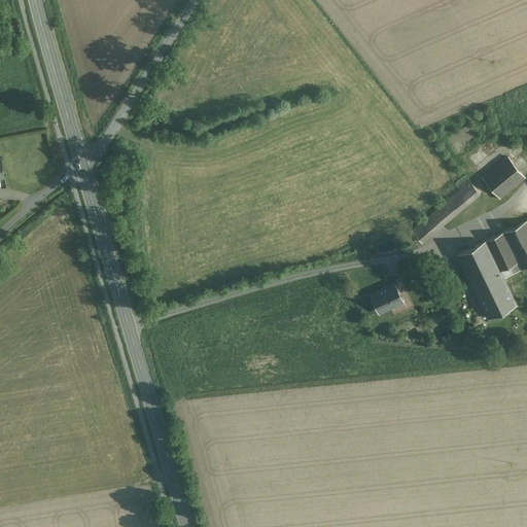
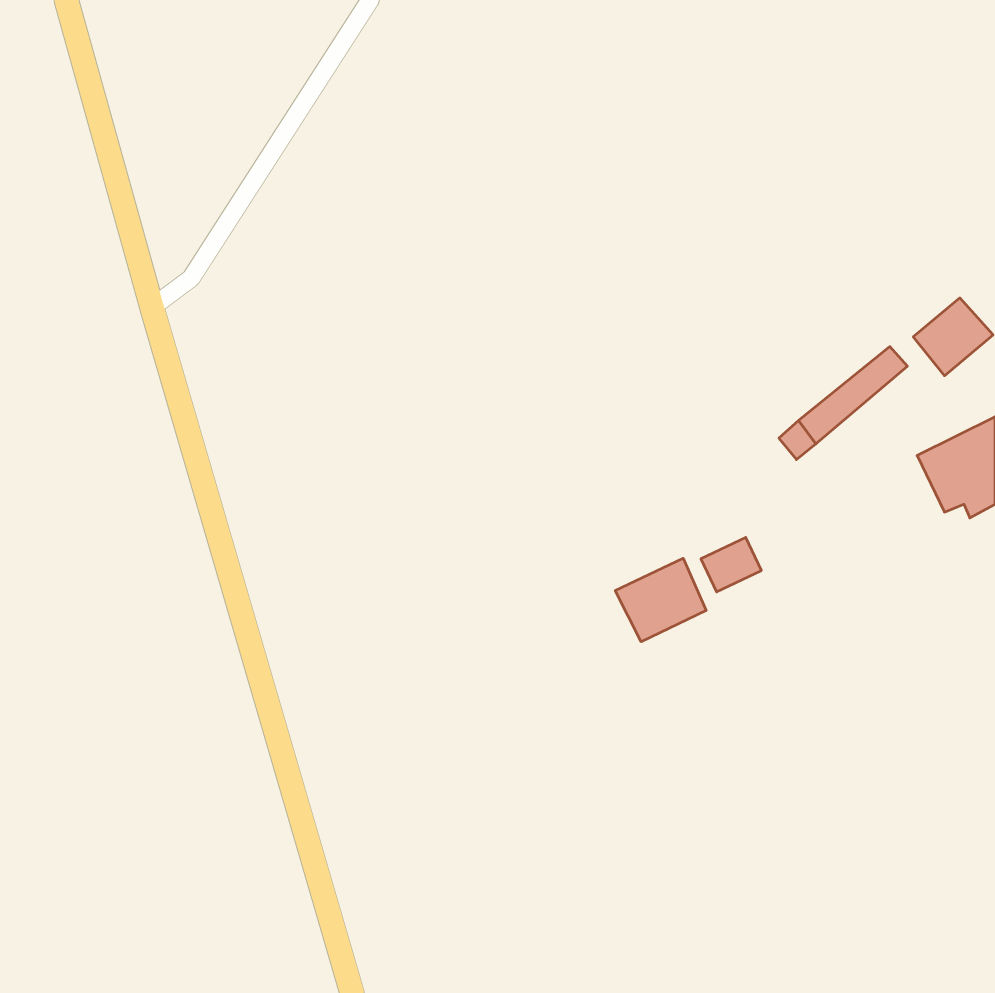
building: [457,242,516,319] -> none
building: none -> [615,558,706,642]

